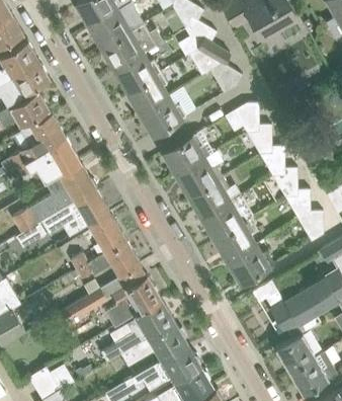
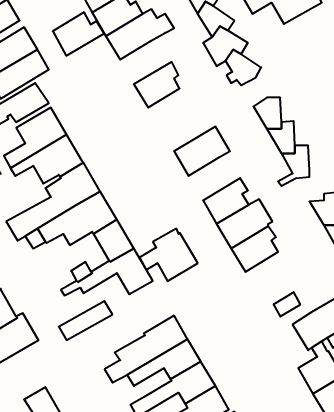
building: [114,54,161,93] -> [53,12,104,56]
building: [140,89,196,137] -> none
building: [176,159,223,198] -> none
building: [260,170,298,199] -> none
building: [228,245,274,285] -> none
building: [110,271,163,319] -> [140,229,198,281]

